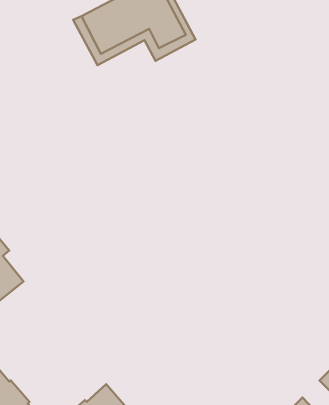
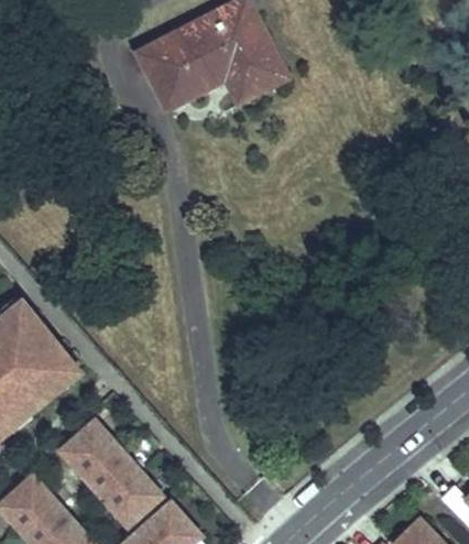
building: none -> [66,420,164,522]

